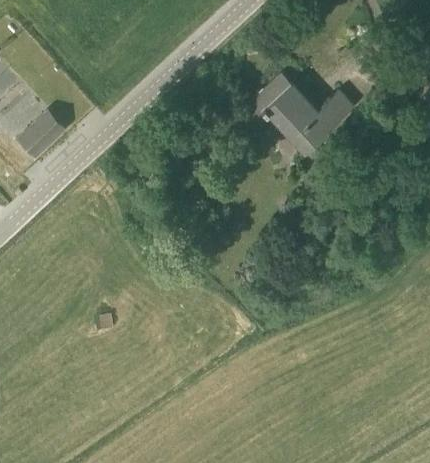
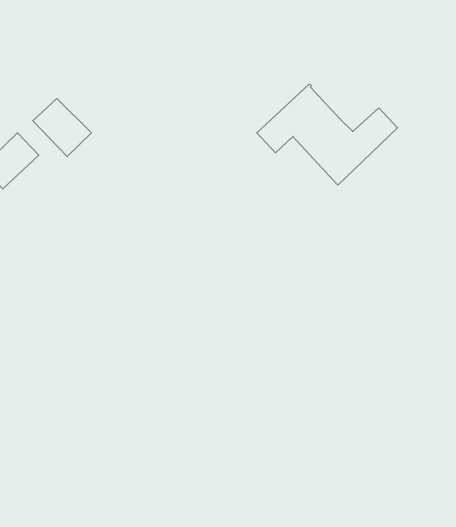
building: none -> [33,99,91,157]

